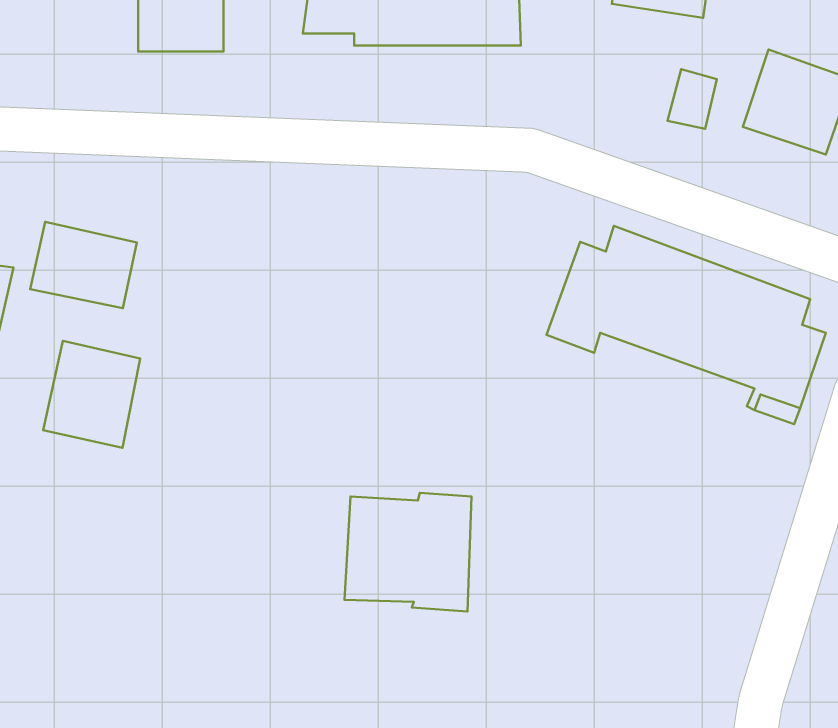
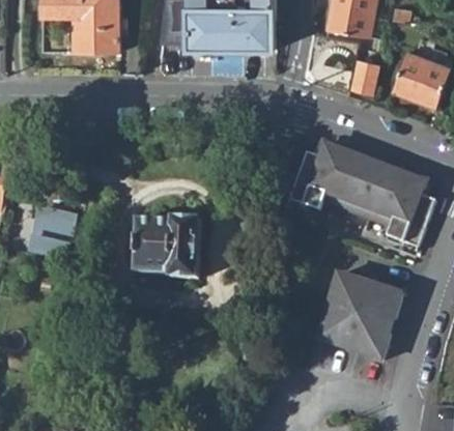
building: [30,222,137,308] -> none
building: none -> [315,272,403,362]
building: [345,493,471,612] -> [132,214,198,277]

